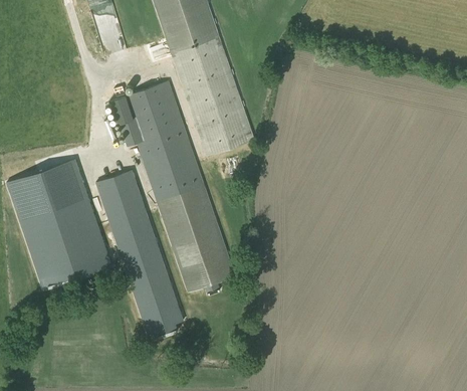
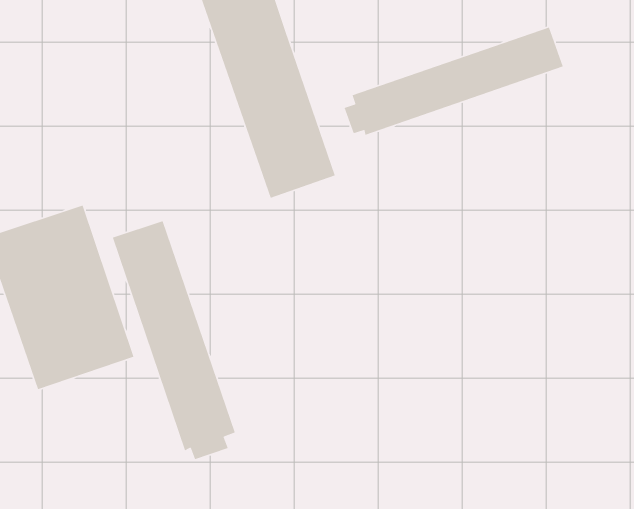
building: none -> [344,26,564,136]
building: [111,81,237,292] -> none

